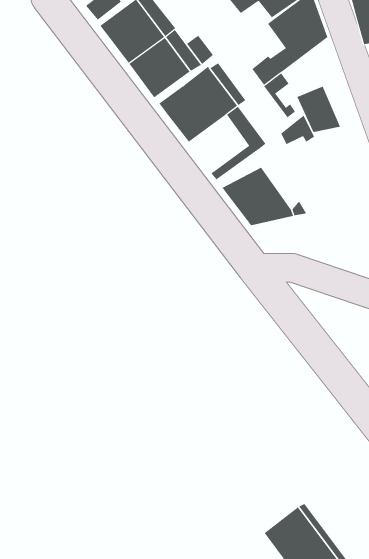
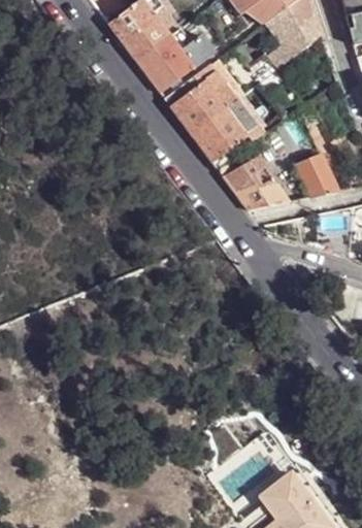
building: [297,86,341,132] -> [295,154,336,197]
building: none -> [190,107,245,162]

